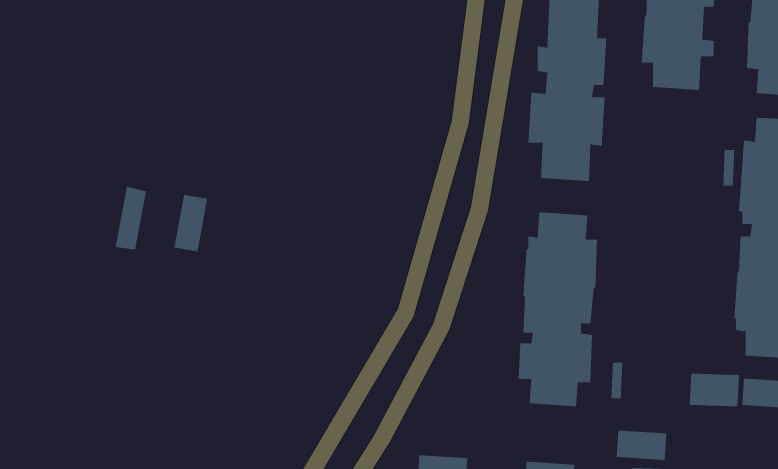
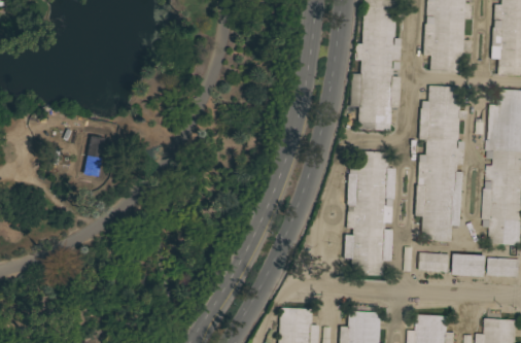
building: none -> [414,85,466,241]
building: [174,194,208,252] -> none
building: [616,430,667,460] -> [417,252,450,272]

